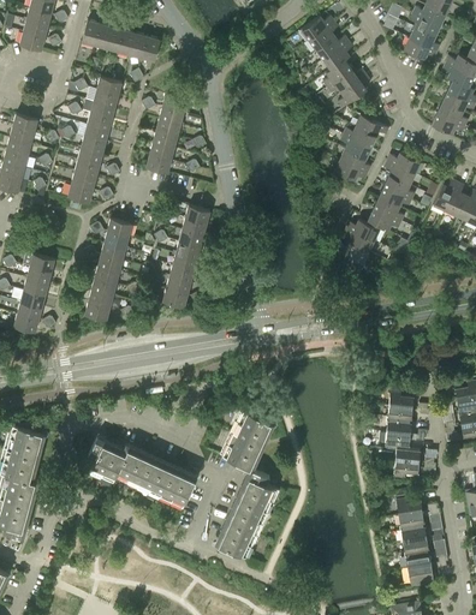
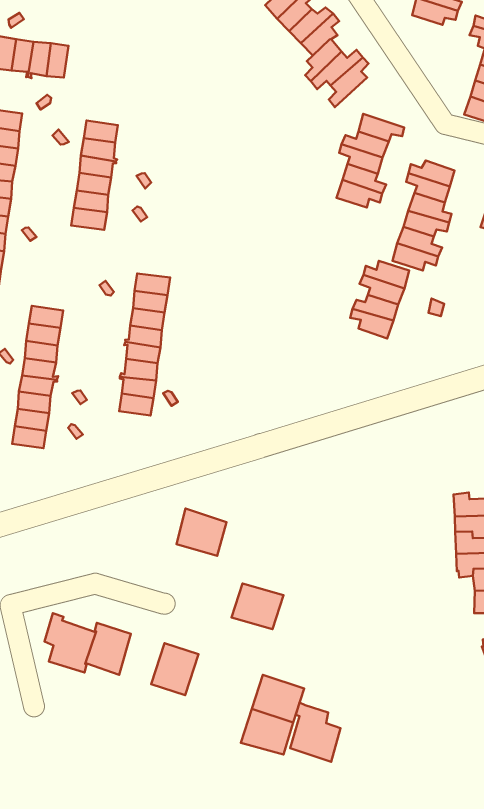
building: [233,410,270,446] -> [176,509,227,556]
building: [138,459,173,496] -> none
building: [239,468,276,513] -> [290,703,341,762]

